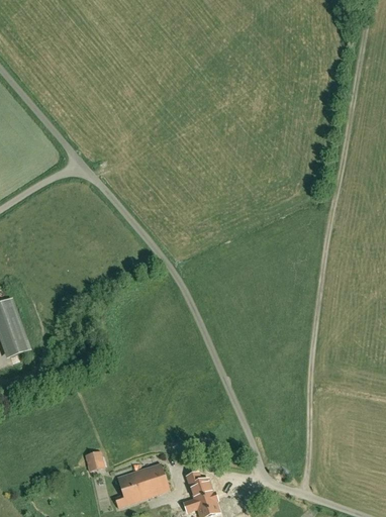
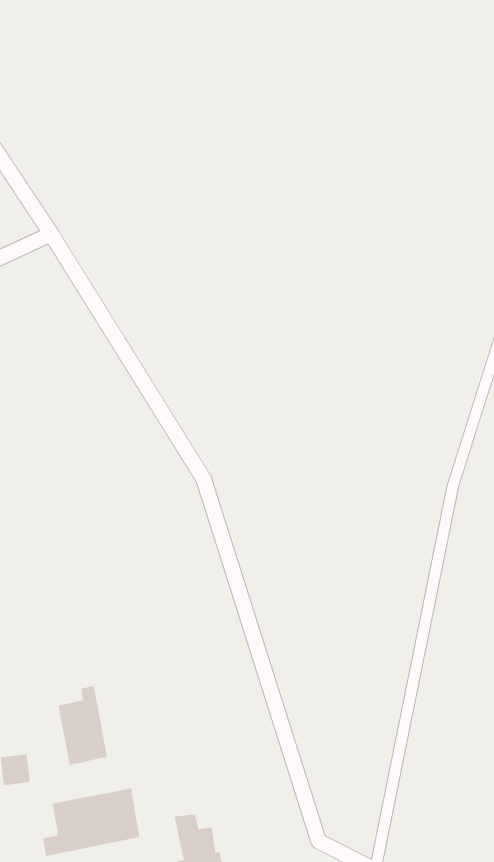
building: none -> [57,685,108,766]

